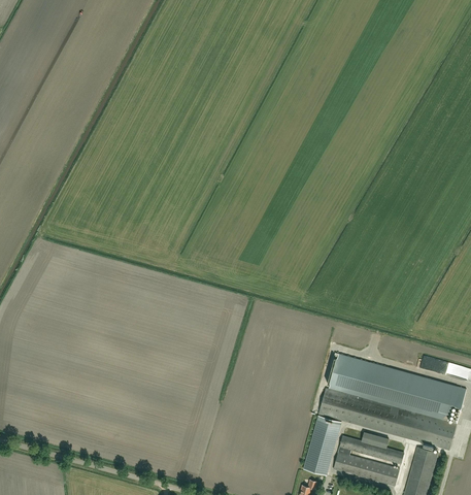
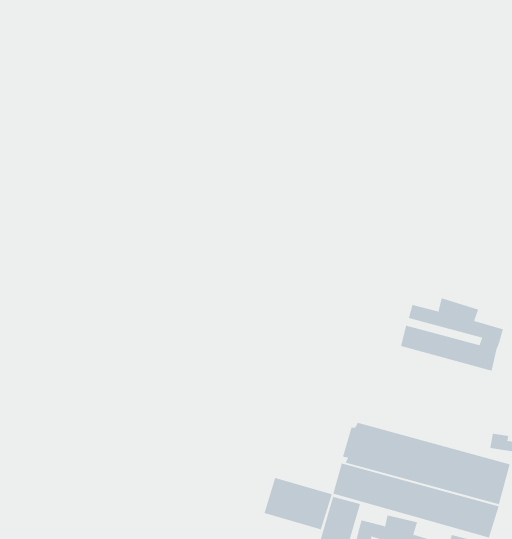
building: none -> [401,298,503,371]
building: none -> [264,477,332,530]

